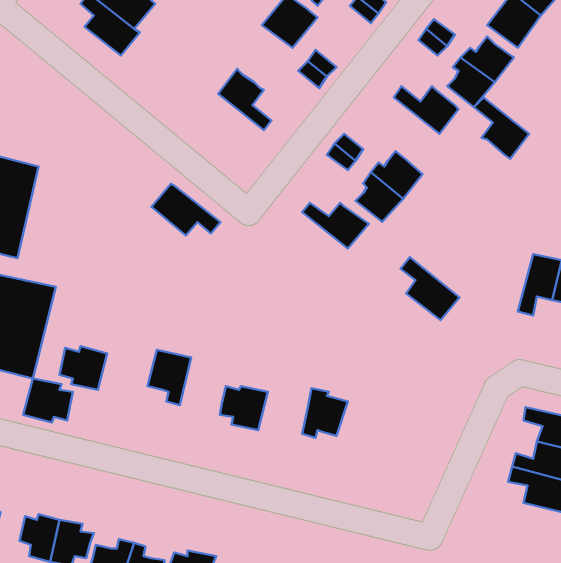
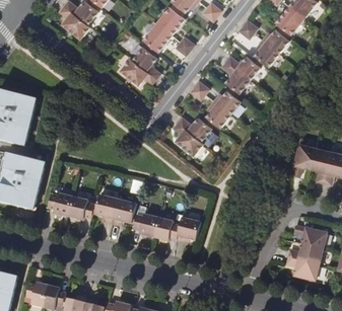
building: none -> [142,22,172,52]
building: [474,98,529,159] -> [220,61,250,93]
building: [152,184,220,235] -> [120,58,156,85]
building: [400,257,460,320] -> [172,122,203,155]
building: none -> [112,199,136,225]
building: [23,379,73,422] -> [68,197,94,220]
building: none -> [153,217,180,241]

